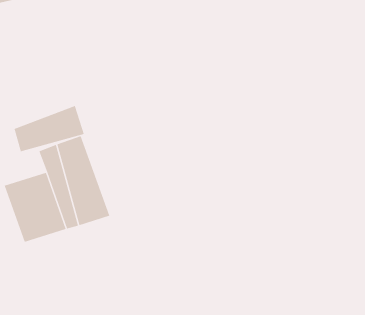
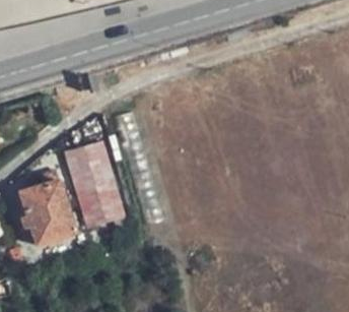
building: [14,105,85,152] -> none

